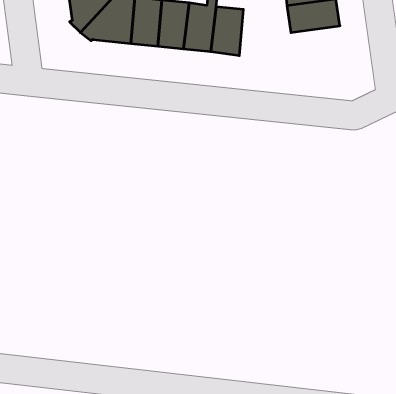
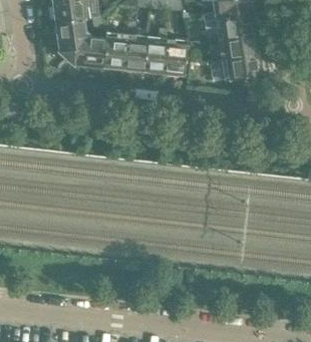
building: none -> [221,53,260,83]

